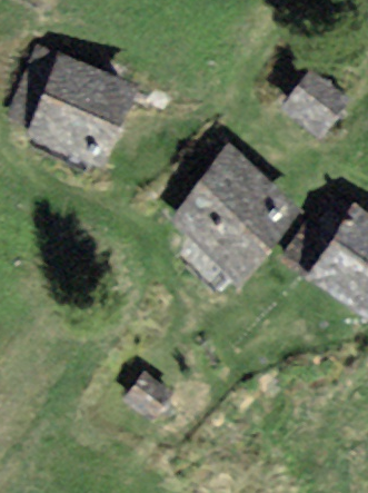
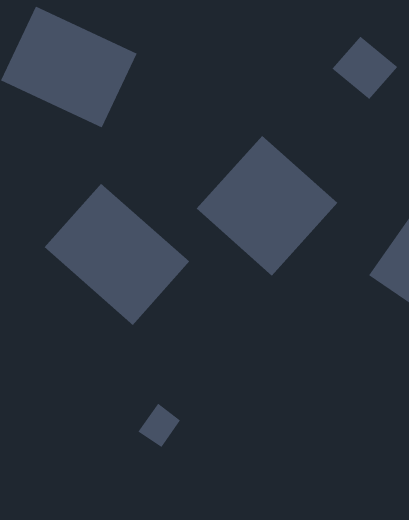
building: none -> [44,183,190,326]

